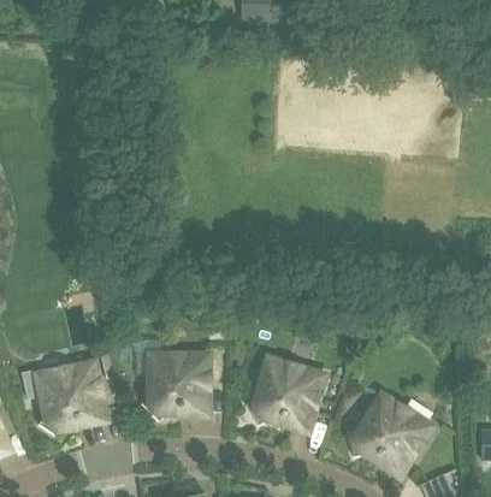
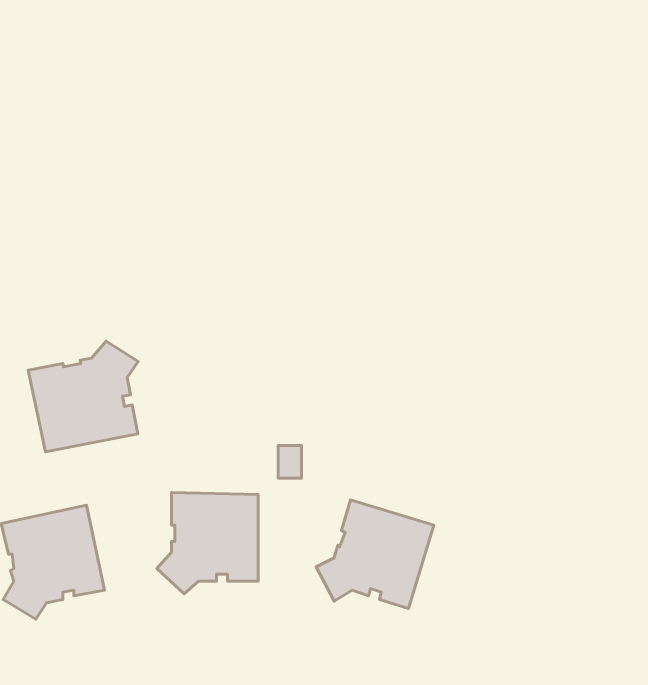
building: none -> [28,341,138,452]
building: [348,392,431,472] -> none

